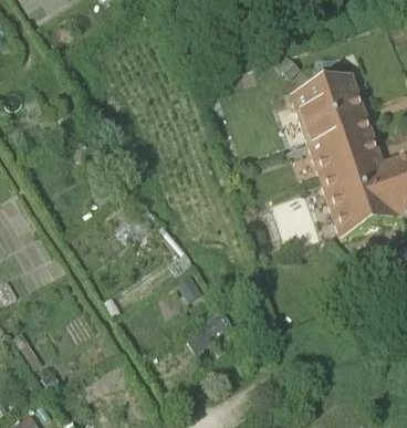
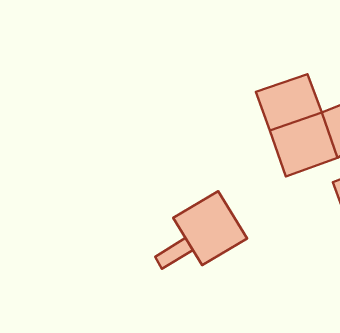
building: [290,71,366,135] -> none
building: none -> [173,191,247,265]

